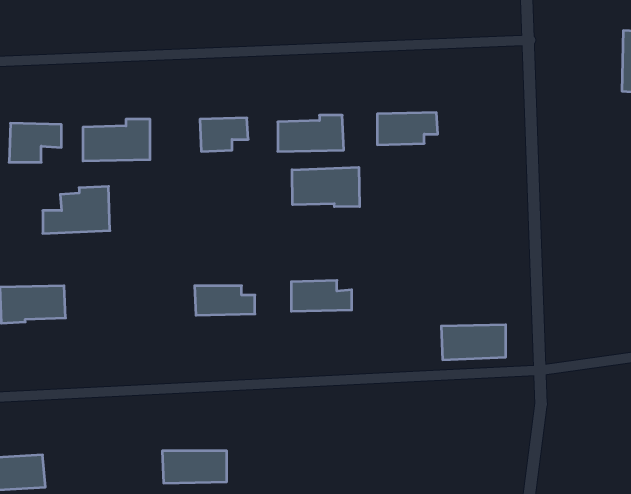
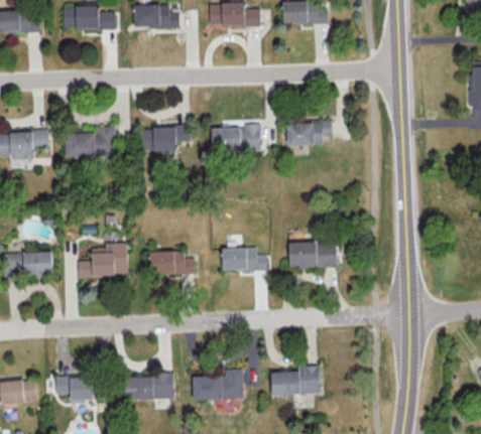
building: [292,167,360,207] -> none
building: [43,186,110,233] -> [78,243,128,278]
building: [441,325,506,360] -> [288,242,337,268]
building: none -> [270,366,321,396]
building: none -> [193,370,243,400]
building: none -> [55,377,97,401]

